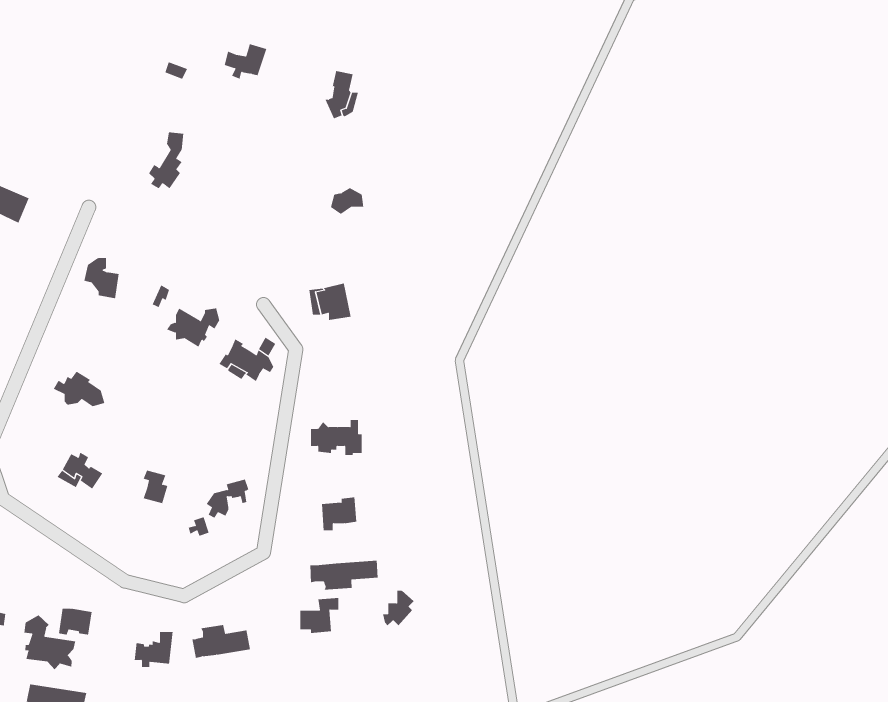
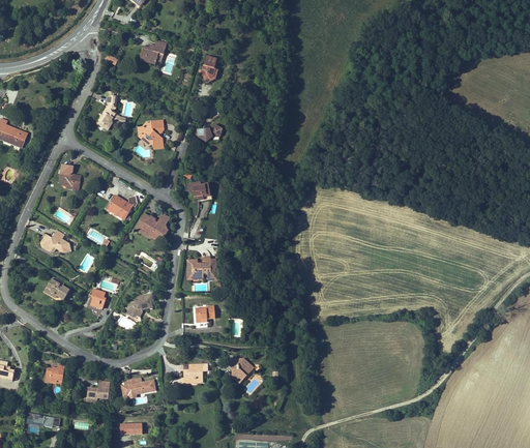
building: none -> [135,119,163,147]
building: [310,560,378,591] -> none
building: [24,614,76,670] -> none

